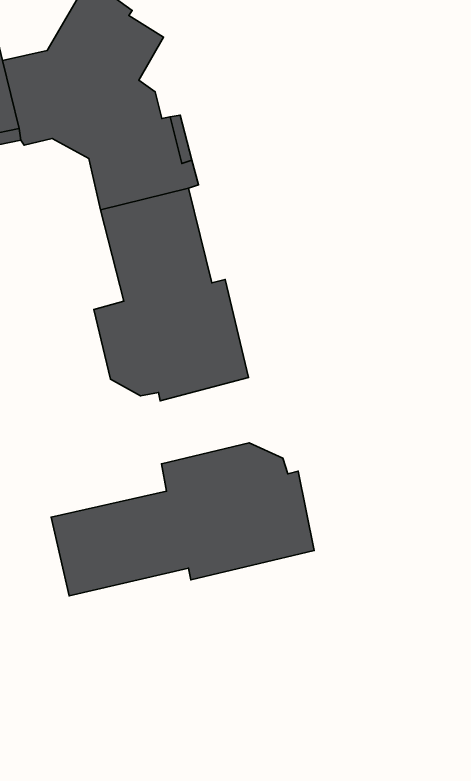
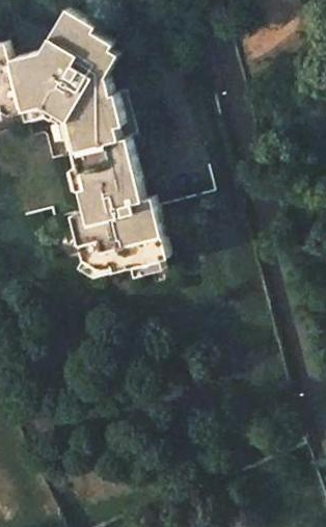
building: [51,443,314,596] -> none

